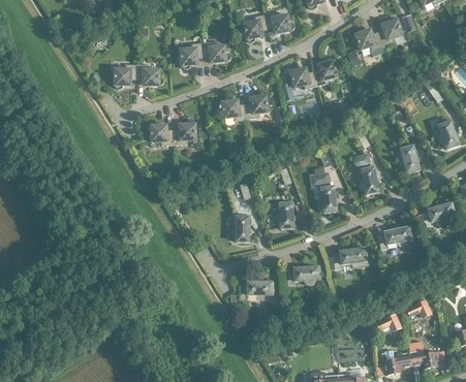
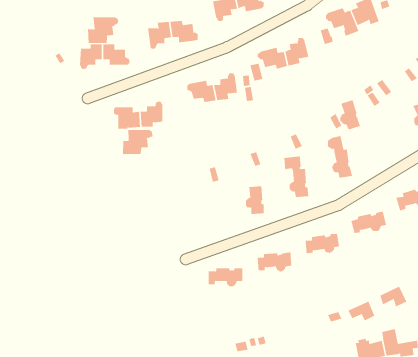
building: none -> [88,16,119,44]
building: [399,142,420,172] -> [339,99,361,130]
building: none -> [123,129,153,155]
building: [230,214,249,241] -> none

